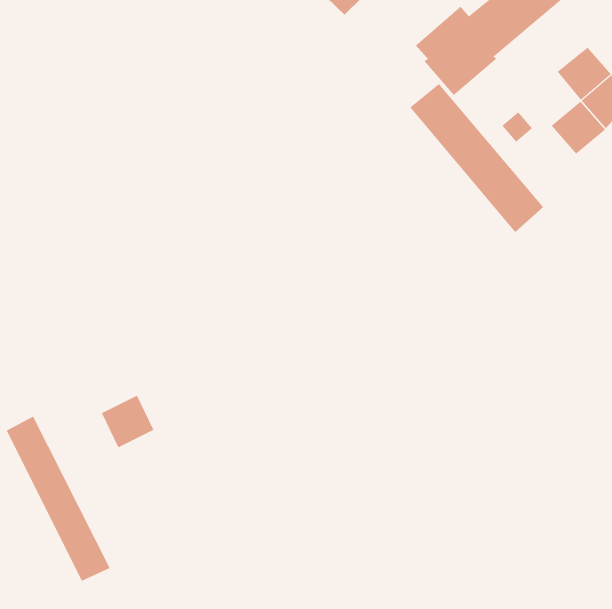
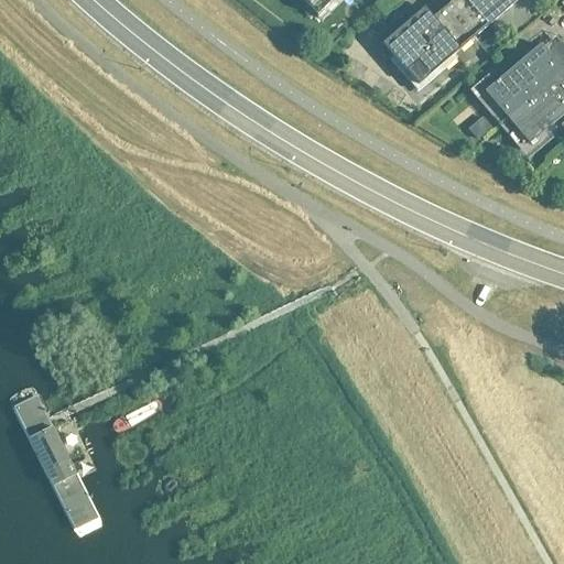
building: none -> [485,66,534,116]
building: [410,83,544,233] -> none
building: [101,395,154,448] -> none

